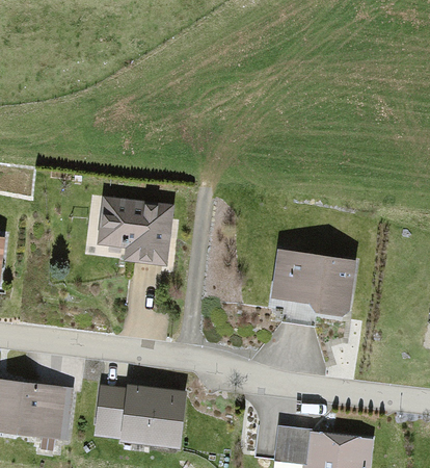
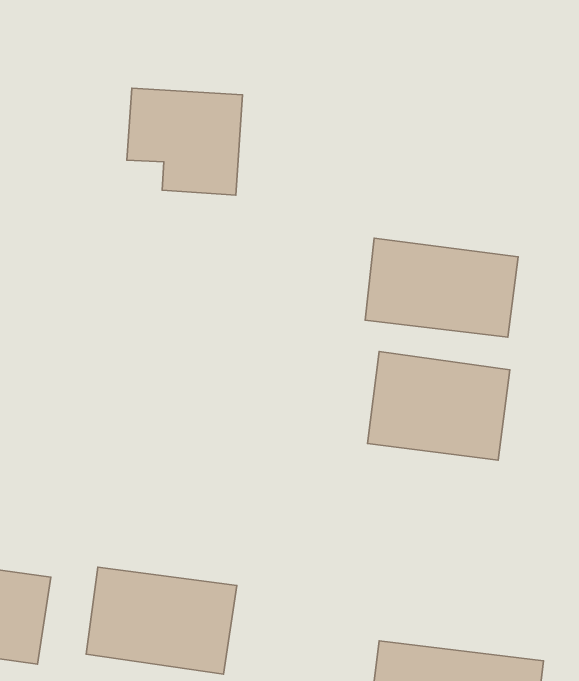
building: none -> [365,238,518,337]
building: [100,201,171,267] -> [127,88,243,195]

